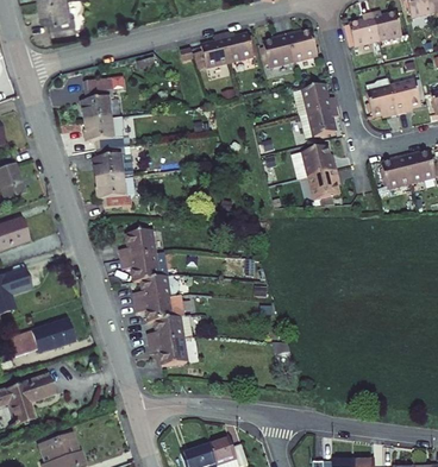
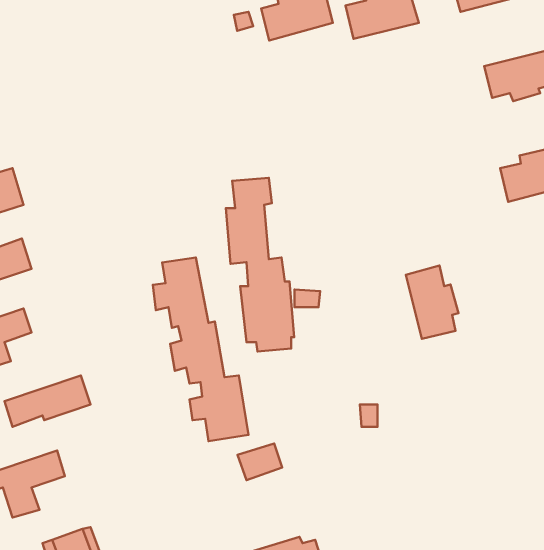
building: [81,77,132,207] -> [226,178,294,352]
building: [293,83,340,138] -> none
building: [302,145,342,200] -> [406,265,459,339]
building: none -> [237,444,282,480]

